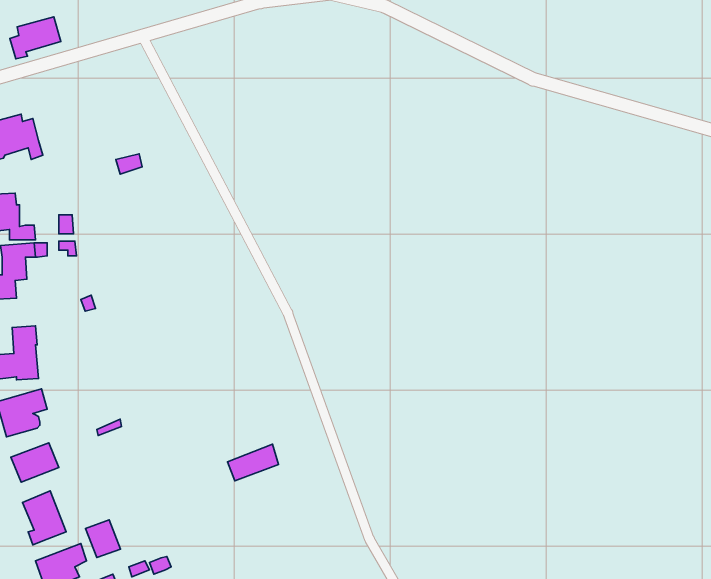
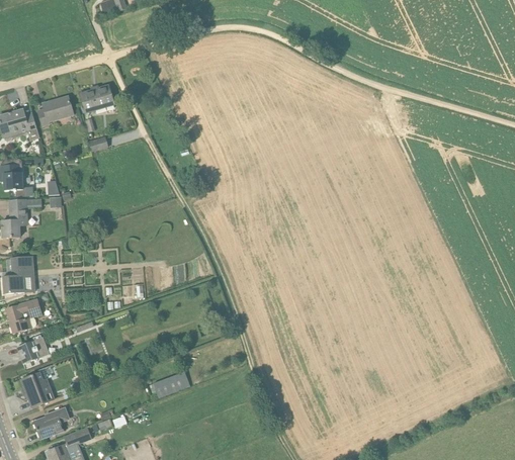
building: [10,17,61,59] -> [36,96,72,125]
building: none -> [79,84,113,112]
building: [227,444,278,481] -> [153,371,188,396]
building: [86,520,120,558] -> none

